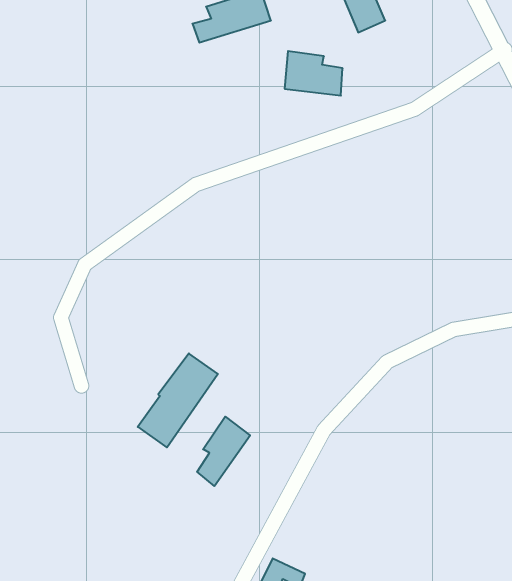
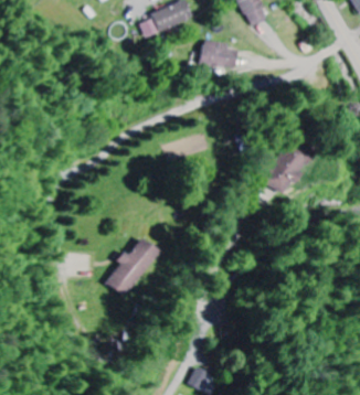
building: none -> [260,141,305,193]
building: [197,417,250,486] -> none

